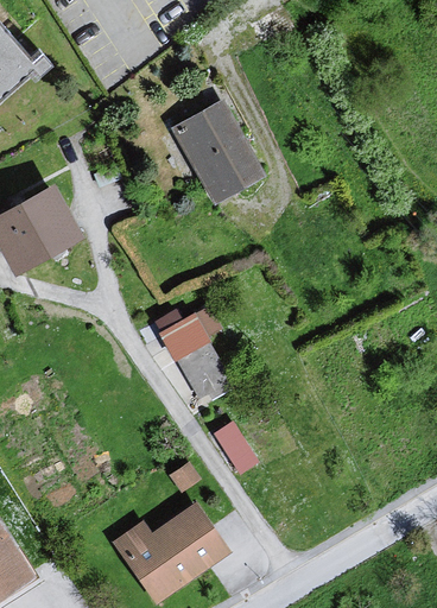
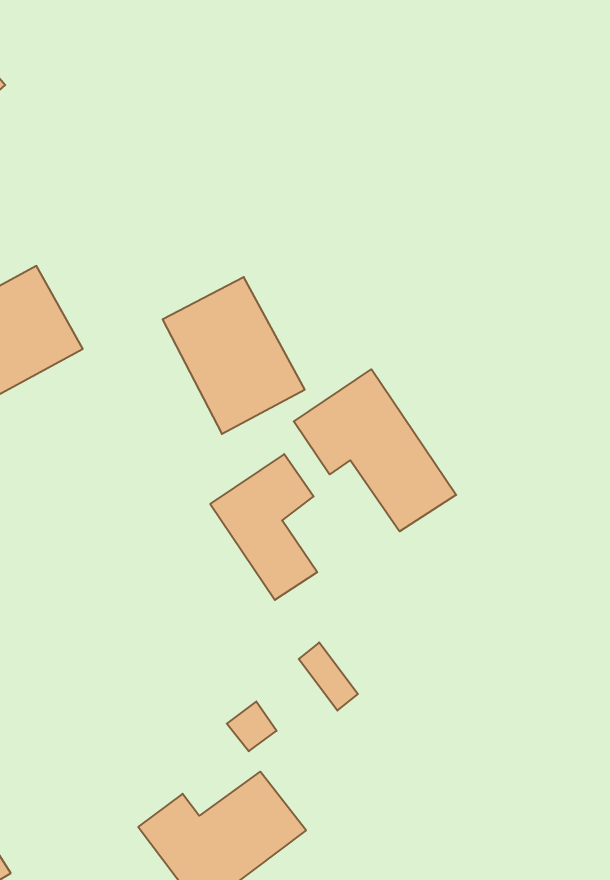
building: [171,104,262,205] -> [163,277,305,434]
building: none -> [294,369,456,531]

